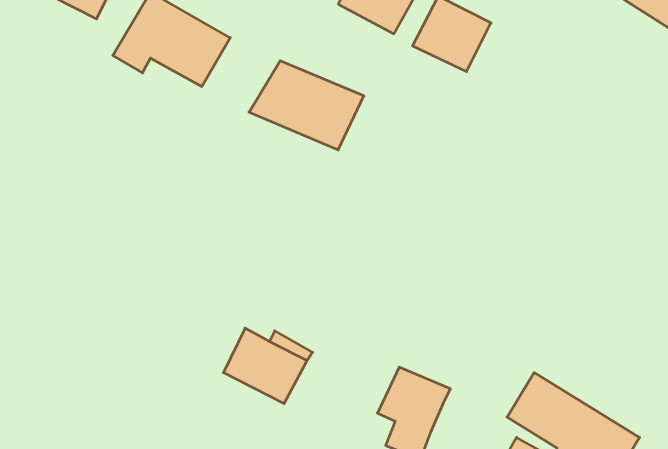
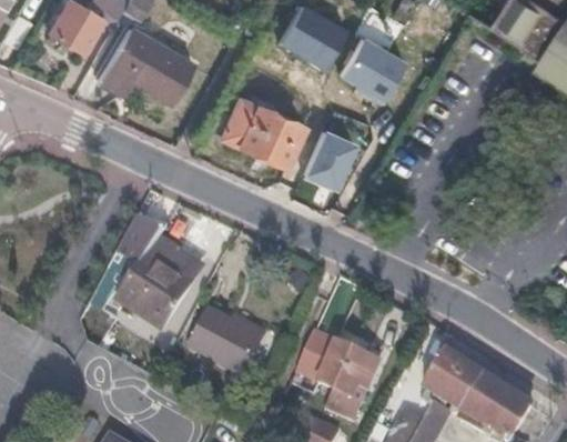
building: none -> [301,120,374,199]
building: none -> [84,219,196,330]
building: none -> [292,332,333,380]

